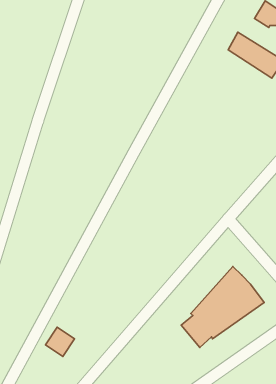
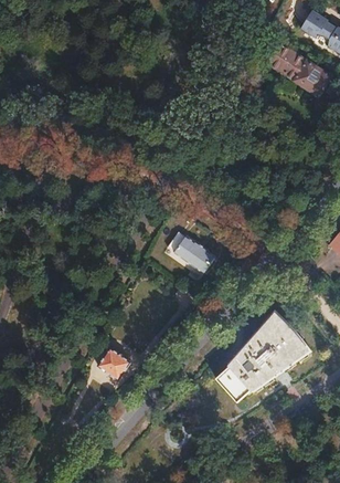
building: none -> [166,232,213,270]
building: [45,327,75,356] -> [98,349,131,382]

